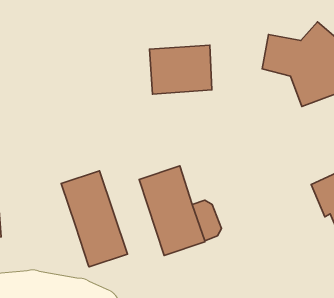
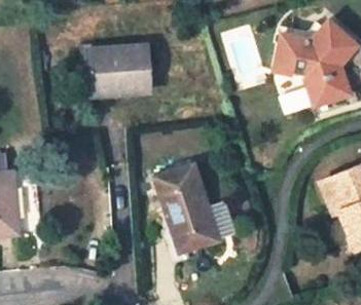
building: [149,45,212,94] -> [87,45,149,93]
building: [61,171,128,267] -> none

